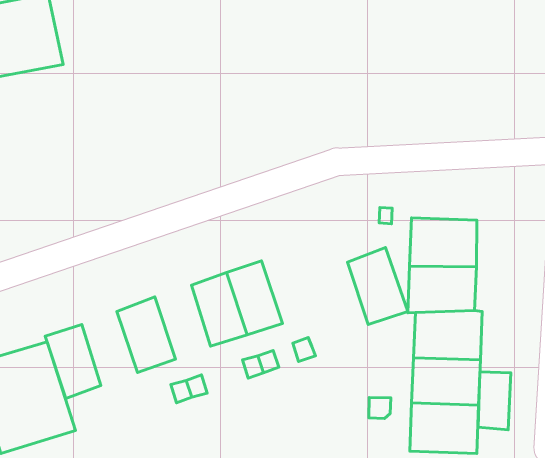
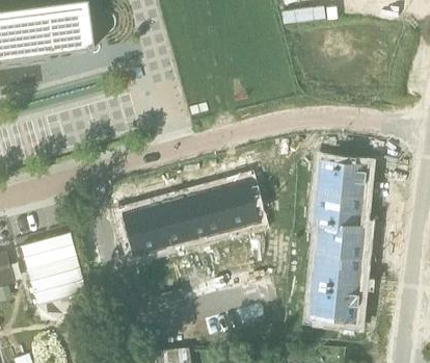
building: [347,247,408,325] -> [219,179,258,230]
building: [45,325,101,399] -> [146,201,182,250]
building: [478,372,511,430] -> none

